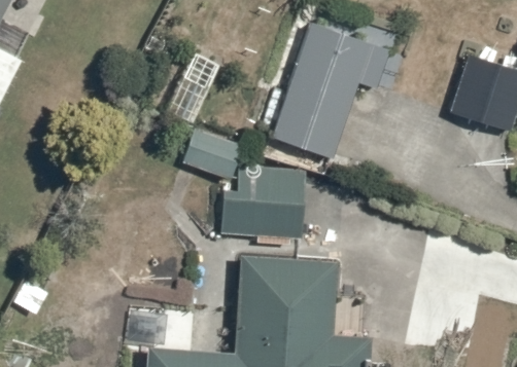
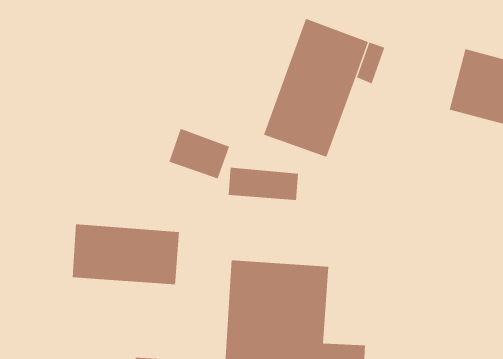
building: [221,192,304,240] -> none
building: none -> [72,224,180,285]

